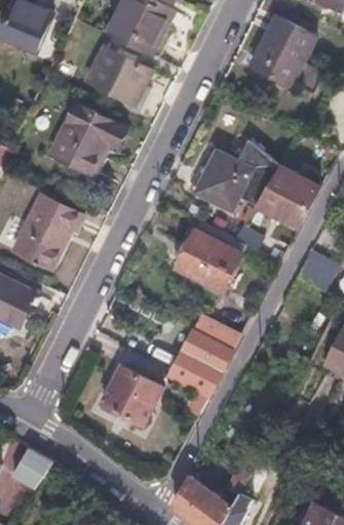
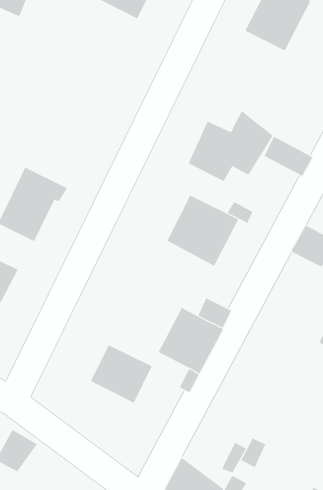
building: [85,48,150,105] -> none
building: [49,105,124,175] -> none
building: [259,187,306,227] -> none

